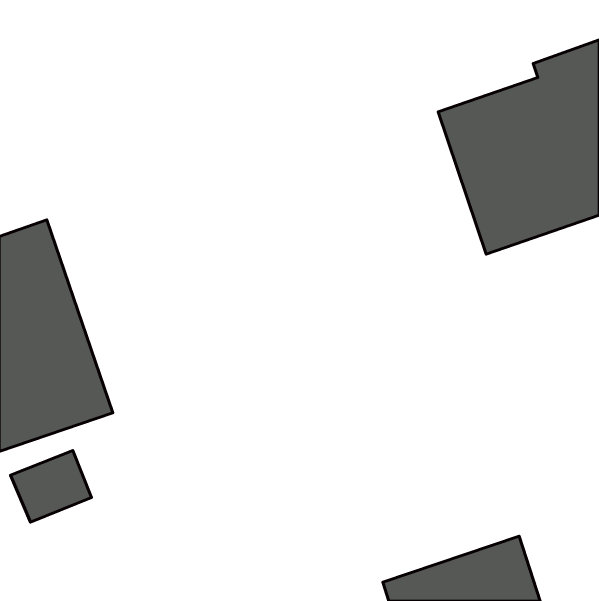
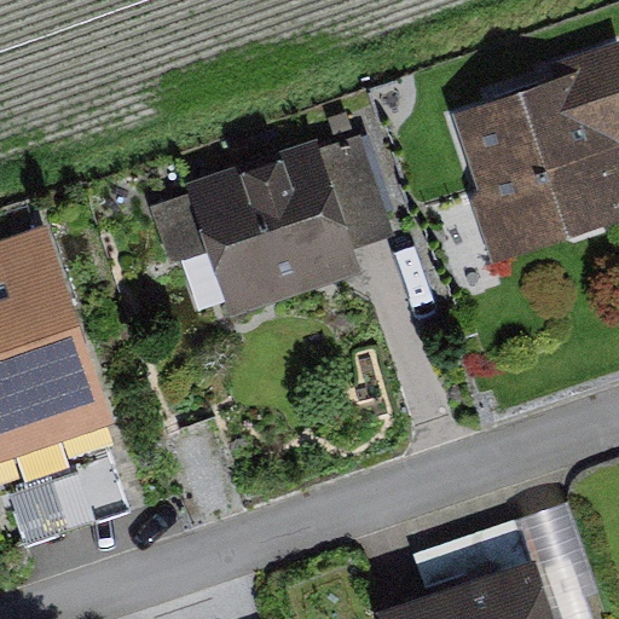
building: none -> [151,137,394,320]

